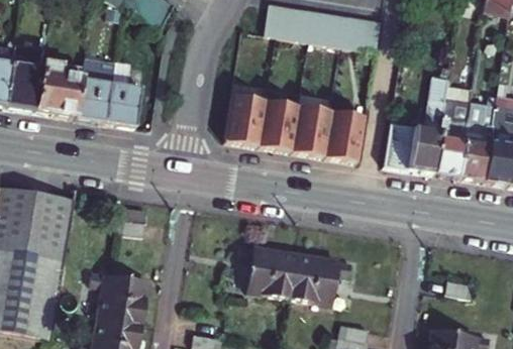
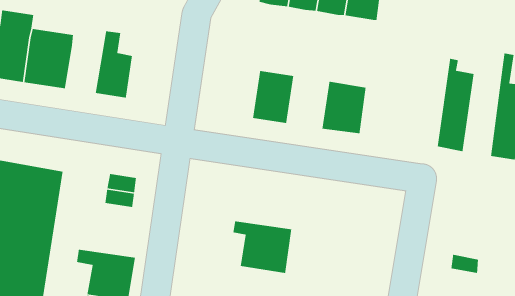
building: [77,57,115,123] -> none
building: [385,77,448,175] -> none
building: [223,96,264,147] -> none
building: [459,97,497,184] -> none
building: [290,106,330,157] -> none
building: [289,253,350,304] -> none

